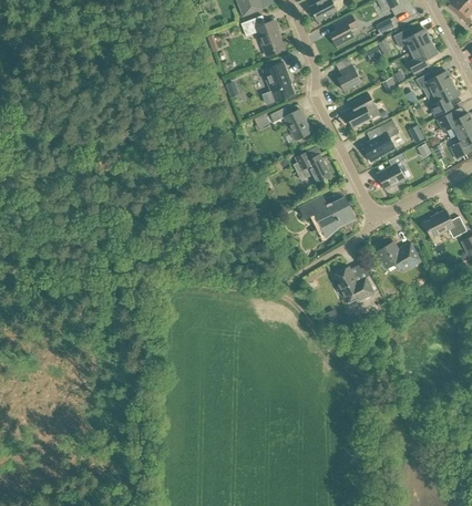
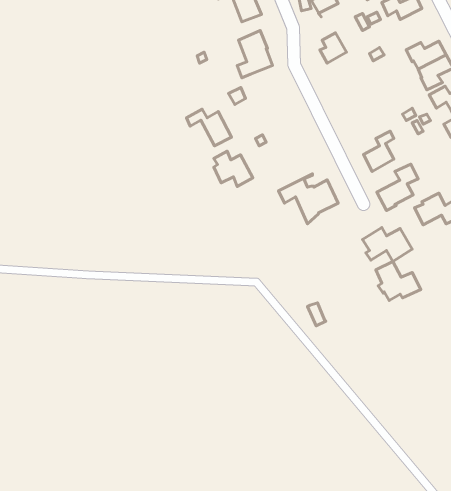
building: [409,41,438,73] -> none
building: [346,93,376,127] -> none
building: [271,106,312,140] -> [186,109,231,146]
building: [362,120,400,162] -> [377,164,418,211]
building: [296,151,331,183] -> [214,151,253,187]
building: [334,267,374,302] -> [376,261,421,300]

